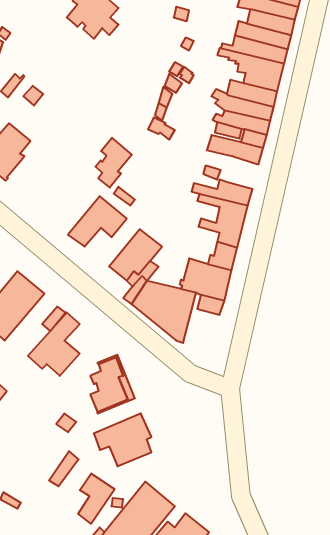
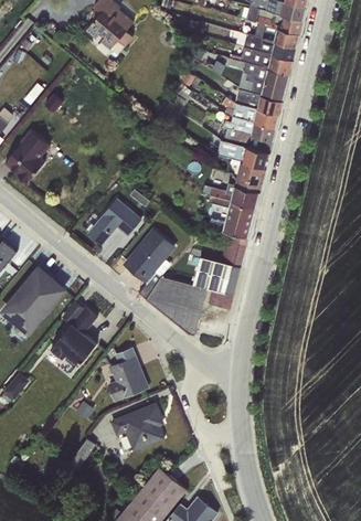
building: [95,138,132,188] -> none
building: none -> [230,158,265,191]
building: [78,473,115,524] -> none

